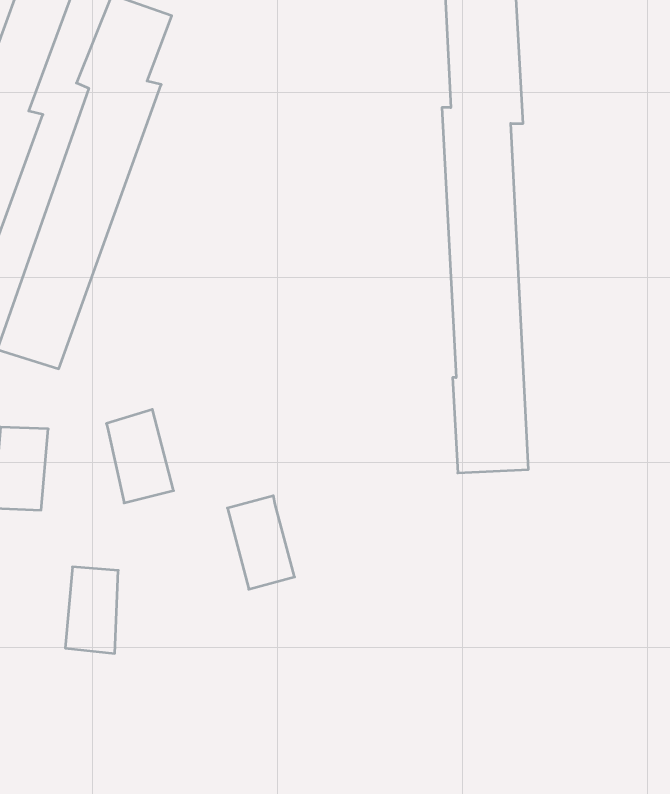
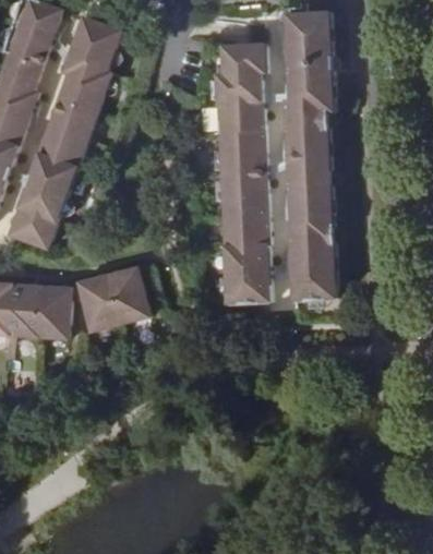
building: none -> [216,28,273,315]
building: [227,496,295,589] -> [105,266,146,324]
building: [65,567,118,653] -> [36,286,69,339]

